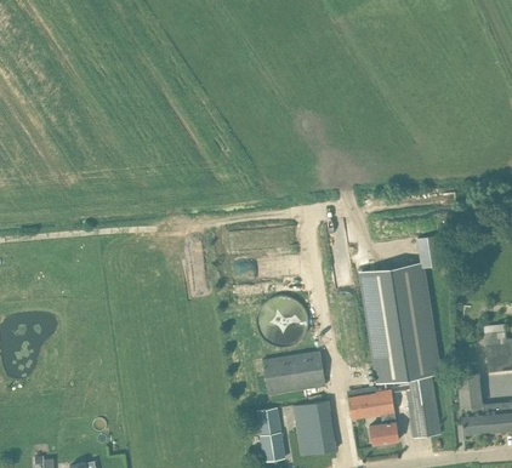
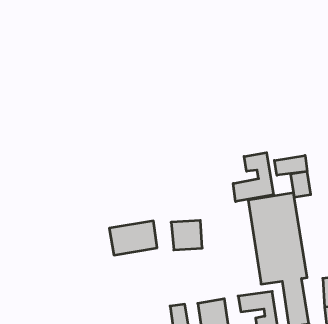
building: none -> [233,153,273,202]
building: none -> [274,155,307,175]
building: [262,350,325,395] -> [109,221,157,255]

